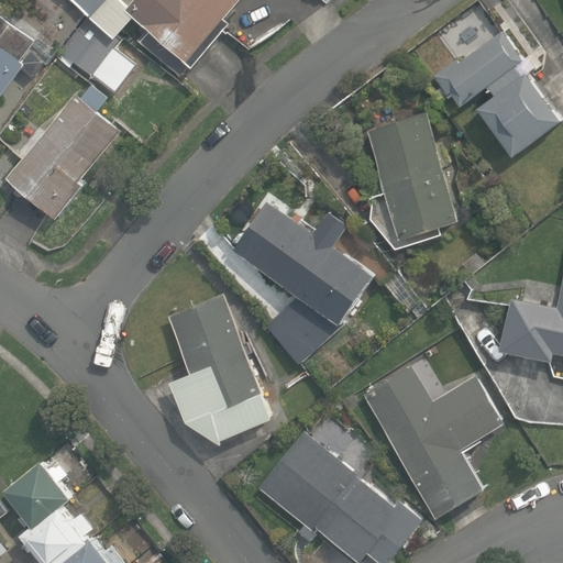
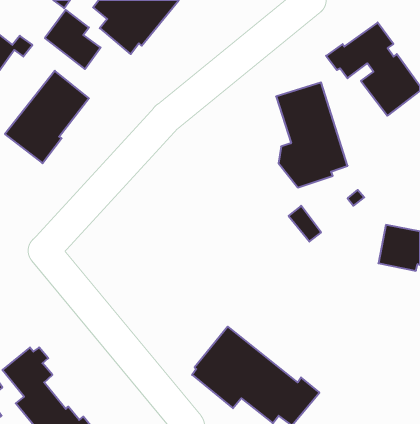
building: [231,200,373,365] -> none
building: [167,295,273,442] -> none
building: [362,366,501,517] -> none

